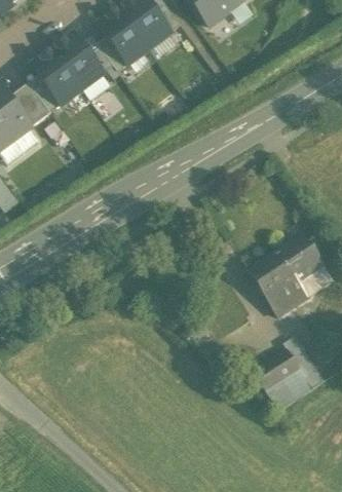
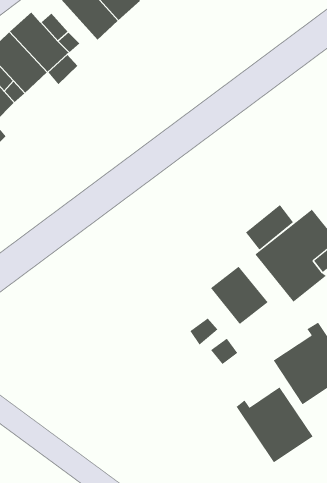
building: none -> [245,204,294,251]
building: none -> [210,266,268,325]
building: none -> [236,387,313,463]

